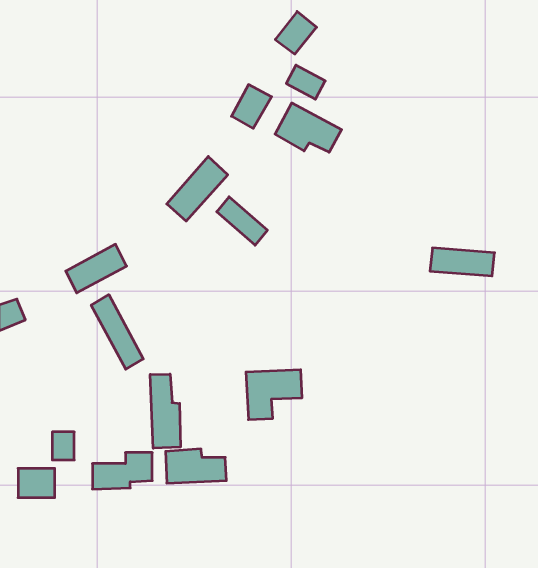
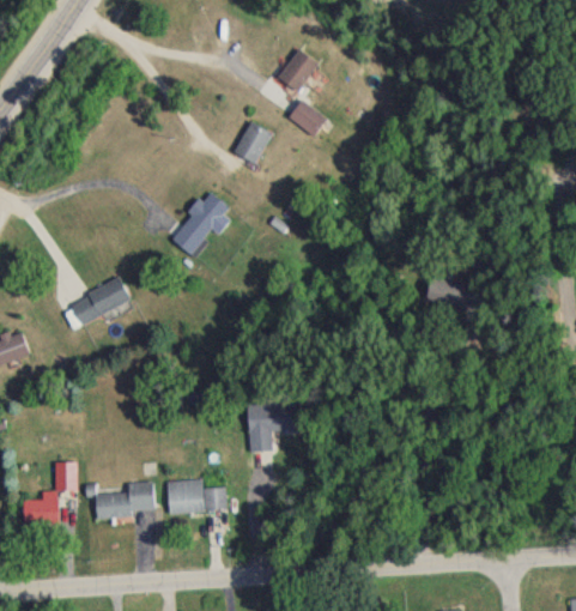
building: [275,103,342,152] -> none
building: [217,197,267,245] -> none
building: [91,295,143,369] -> none
building: [150,374,180,448] -> none

